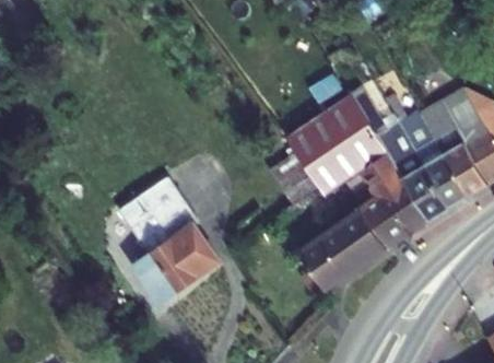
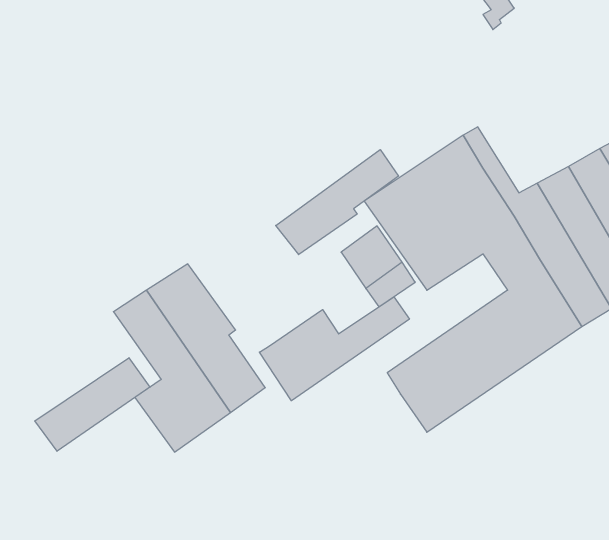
building: none -> [276,150,399,255]
building: none -> [259,297,409,401]
building: none -> [35,358,150,451]

